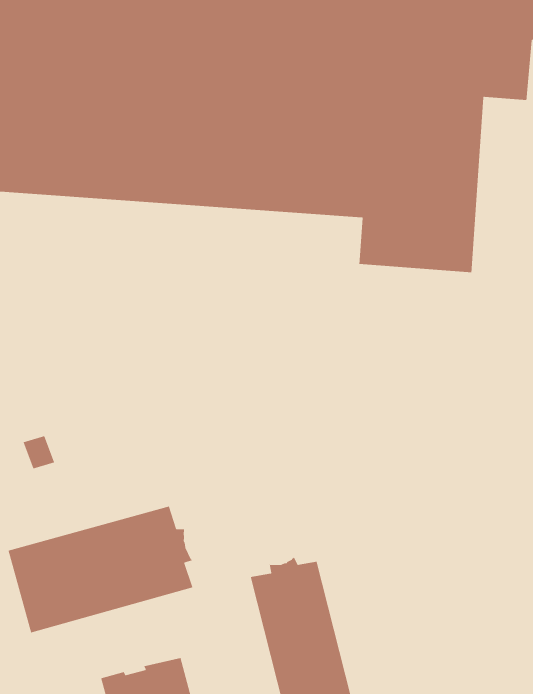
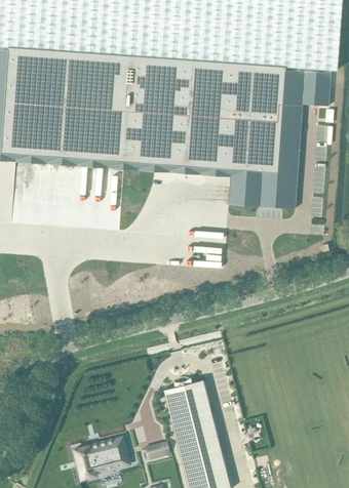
building: [8,506,195,633] -> none

